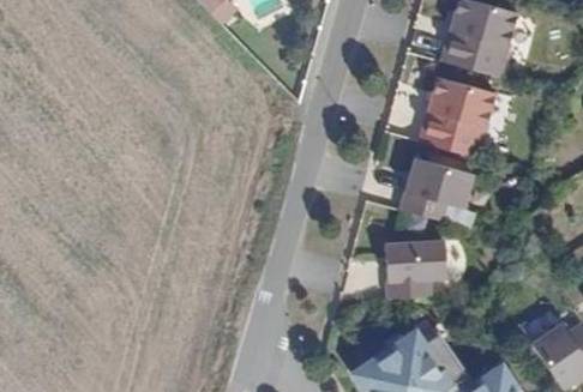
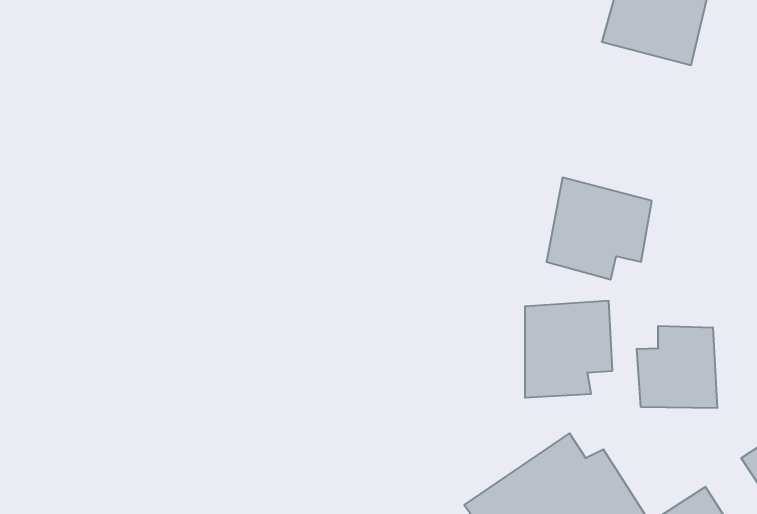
building: [422,72,497,159] -> none
building: none -> [637,326,717,408]

